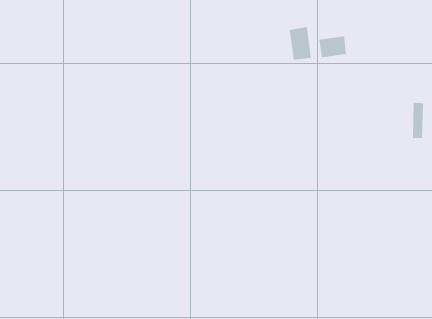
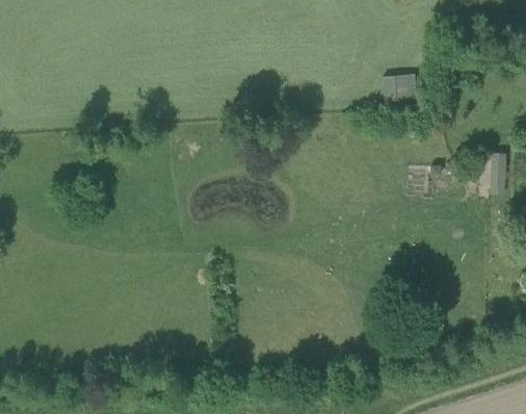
building: [289,26,312,61] -> none

